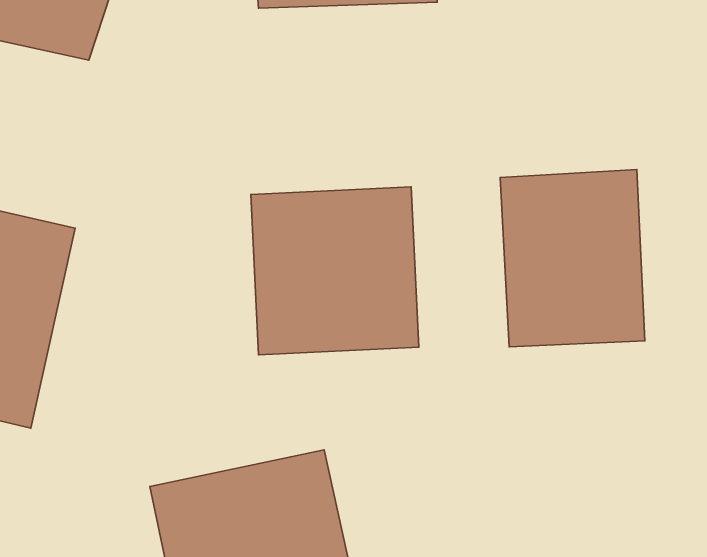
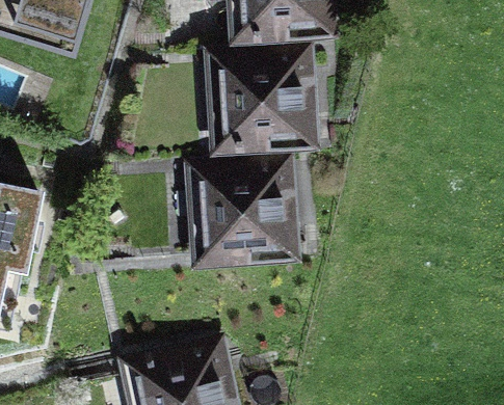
building: none -> [185,30,310,147]
building: [500,170,645,347] -> none

